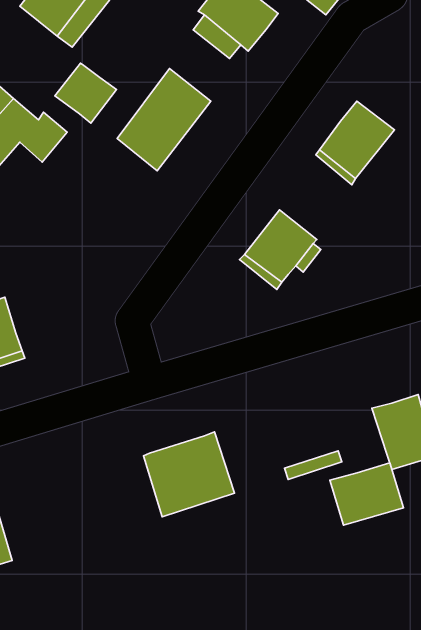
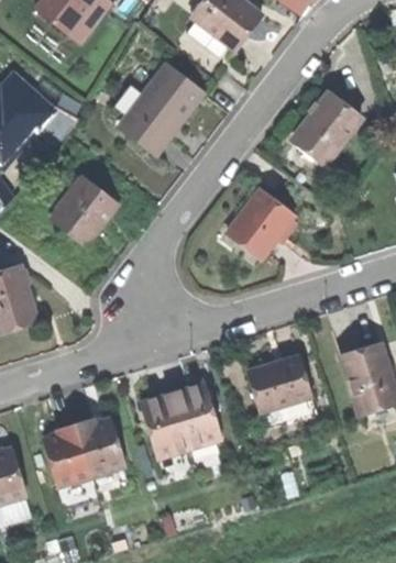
building: [55,63,117,123] -> none
building: none -> [50,177,116,244]
building: [330,463,403,525] -> [248,356,312,411]
building: none -> [45,421,125,485]

